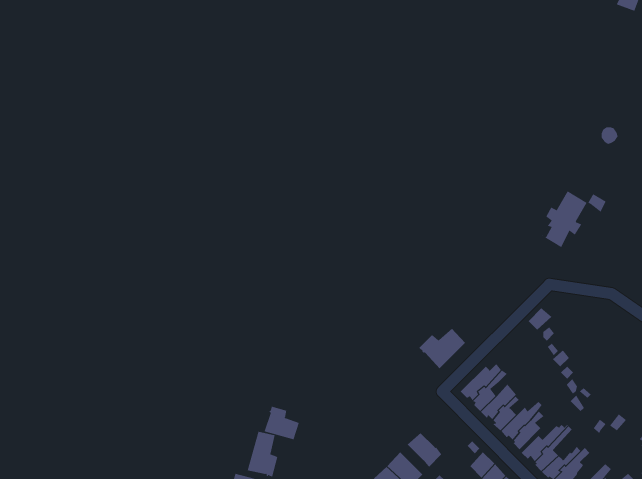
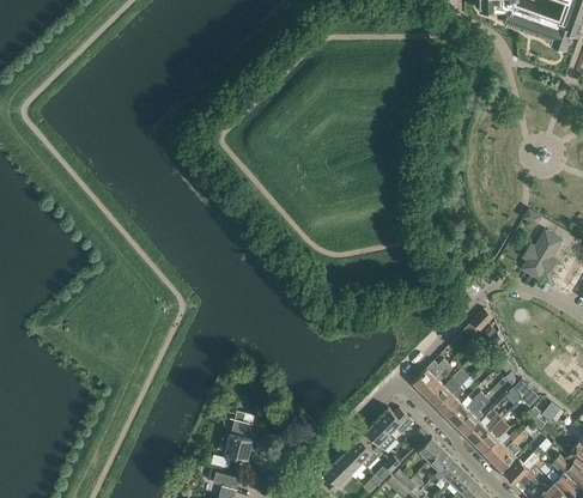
building: [541,191,587,248] -> [522,231,563,281]
building: [418,328,466,369] -> none
building: [264,406,299,440] -> none
building: none -> [377,409,414,436]

